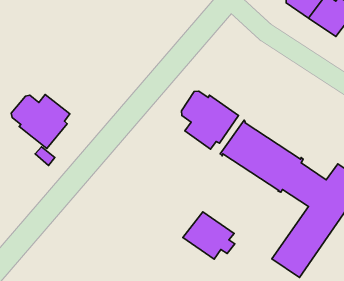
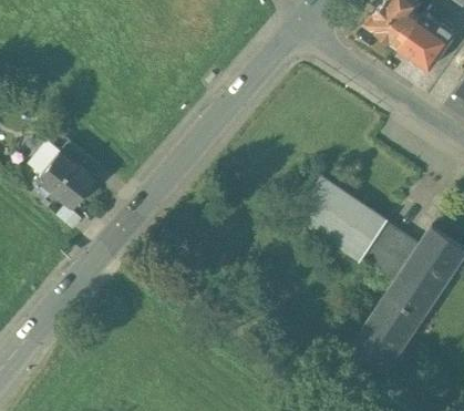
building: [181,91,239,149] -> none
building: [183,212,235,259] -> none

